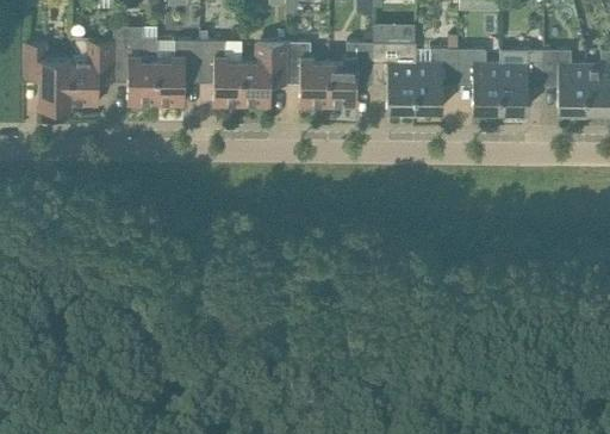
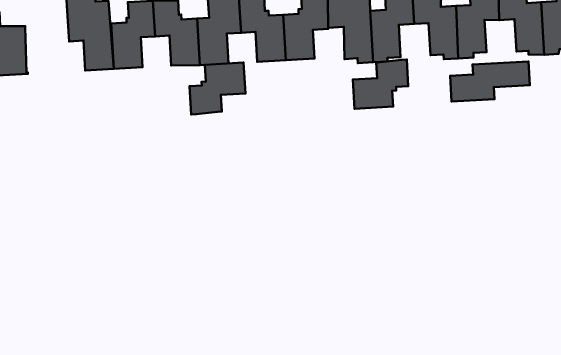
building: [70,39,114,104] -> none
building: none -> [190,62,245,115]
building: none -> [353,60,408,109]
building: none -> [450,61,530,102]

